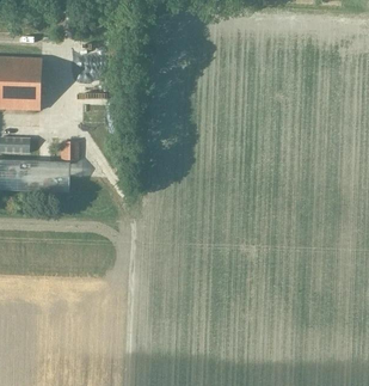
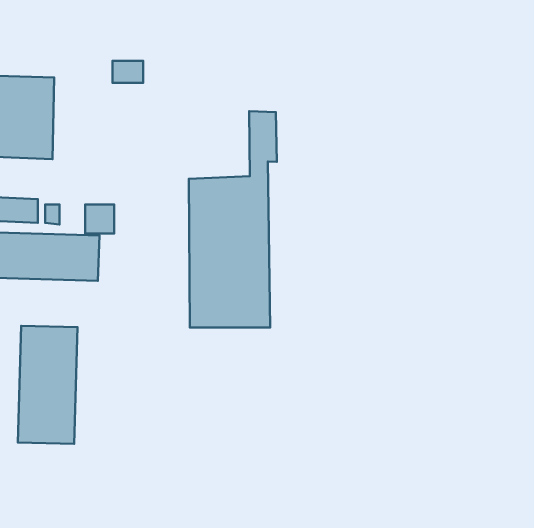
building: none -> [189,111,277,328]
building: none -> [18,326,78,444]

